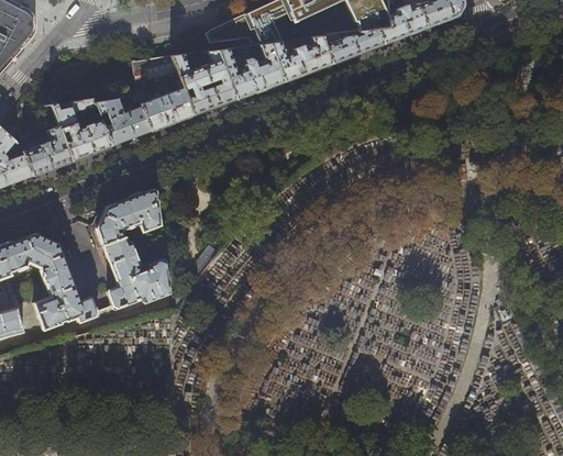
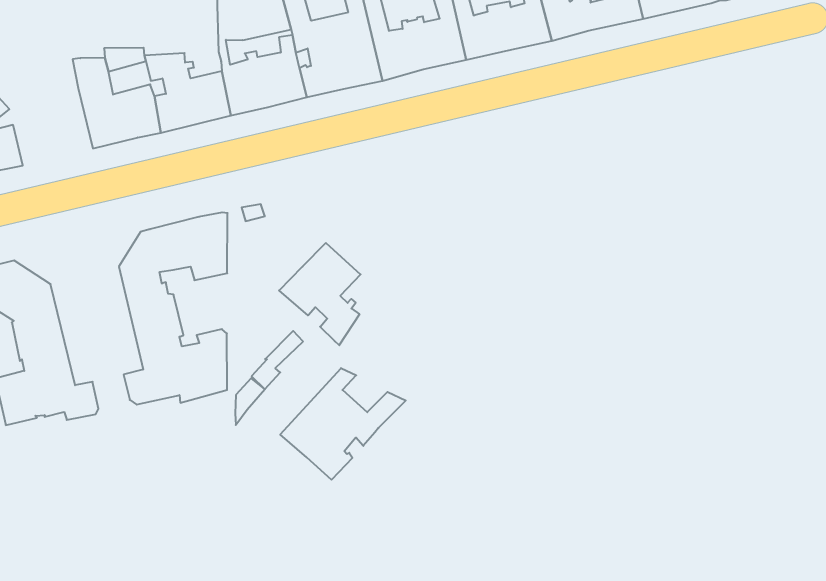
building: [24,126,73,176] -> none
building: none -> [279,243,361,345]
building: none -> [280,368,406,480]

